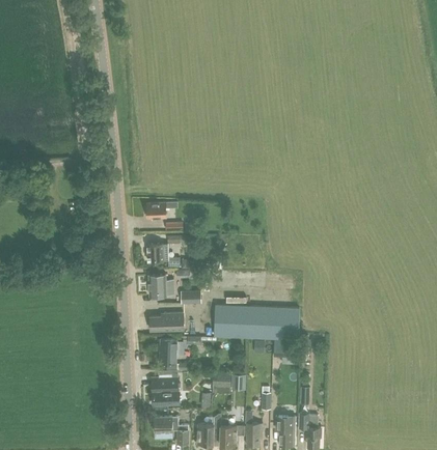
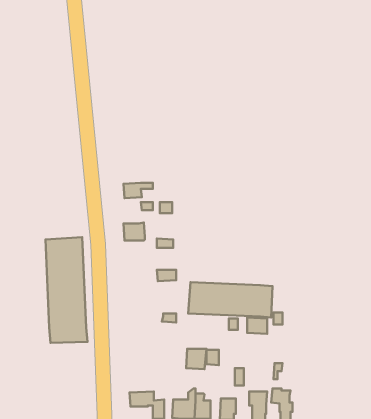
building: none -> [45,237,87,343]
building: [147,274,172,296] -> none
building: [149,312,183,331] -> none
building: [159,339,176,364] -> none
building: [152,377,180,403] -> none

